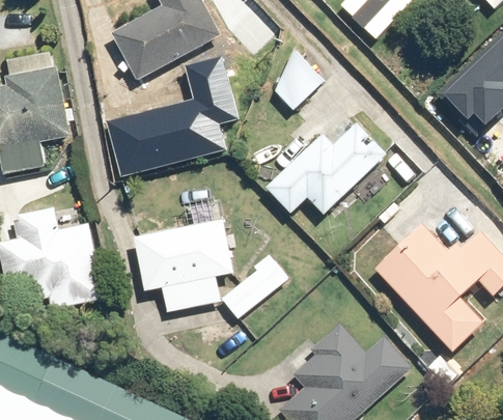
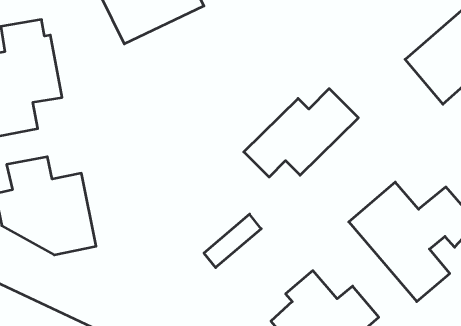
building: [275,50,327,108] -> none
building: [99,55,234,179] -> none
building: [135,194,233,312] -> none

